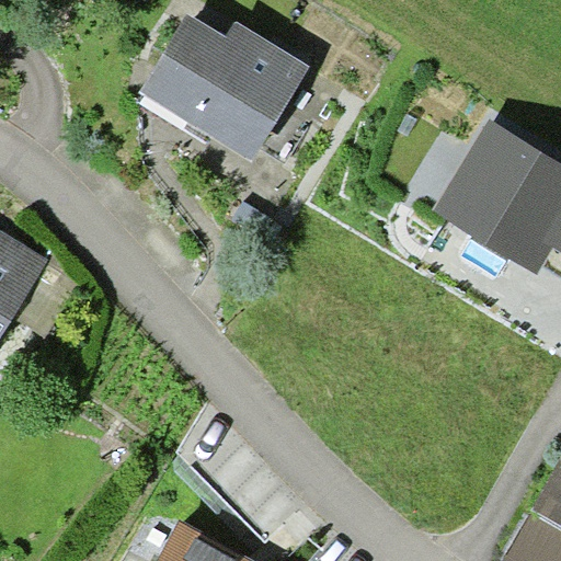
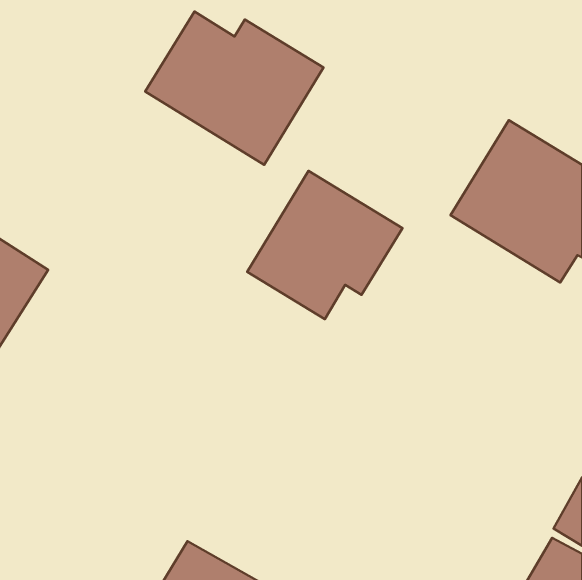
building: none -> [247,171,403,319]

